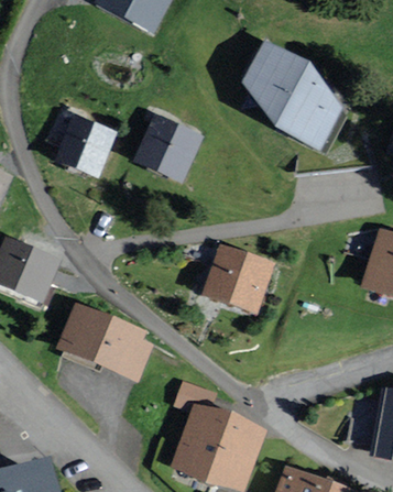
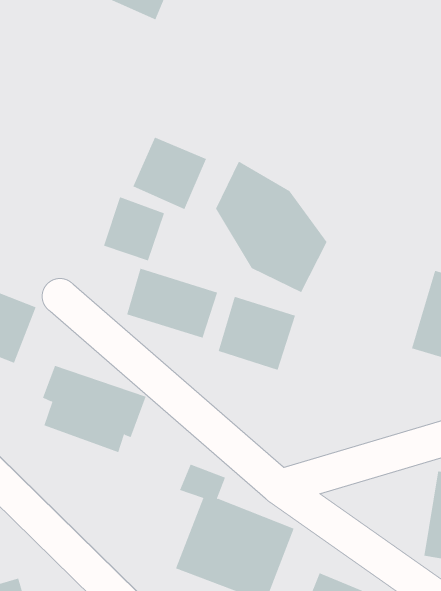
building: [247,44,337,150] -> [215,161,328,293]
building: [59,120,109,172] -> [103,197,165,261]
building: none -> [126,268,218,338]

